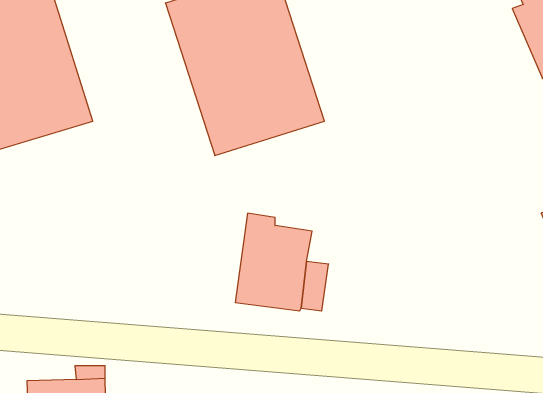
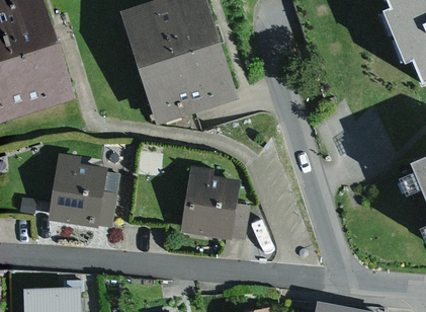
building: none -> [48,153,117,227]

